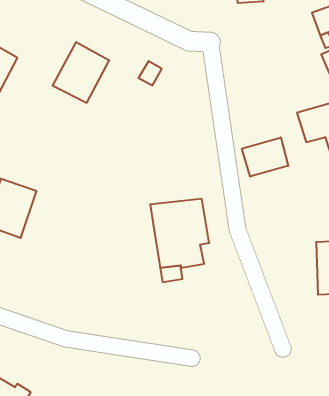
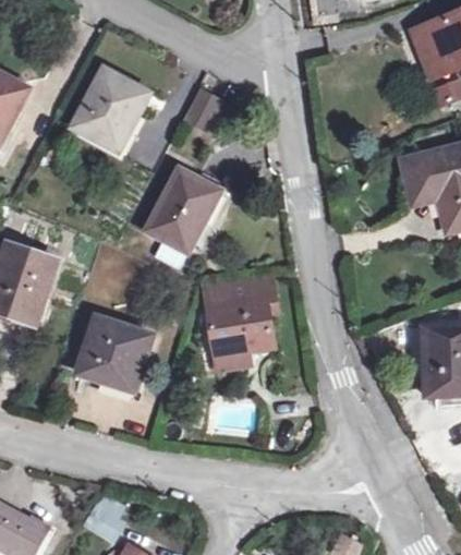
building: none -> [149,168,218,250]
building: [242,137,288,177] -> none
building: none -> [78,318,149,394]

